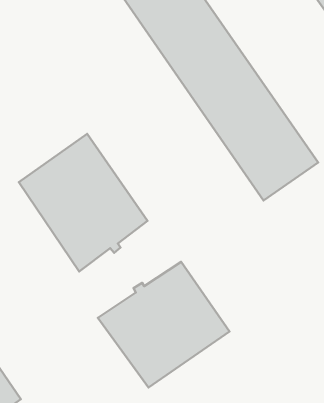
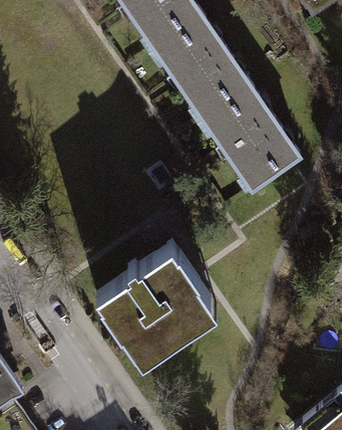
building: [19,134,148,271] -> none

